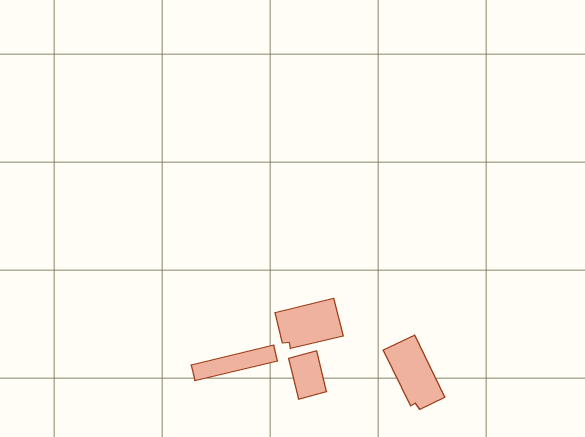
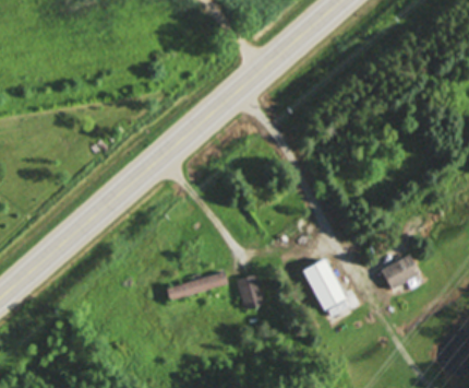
building: [275,298,343,349] -> none
building: none -> [382,254,420,287]

